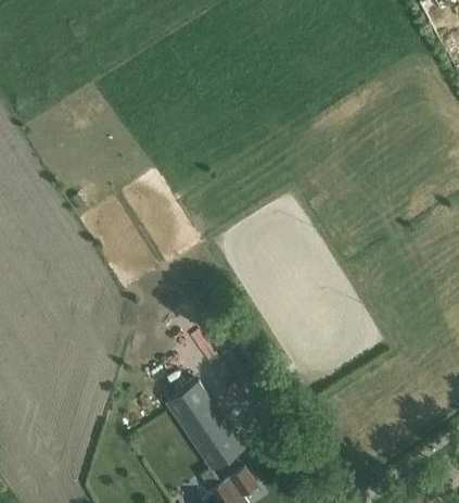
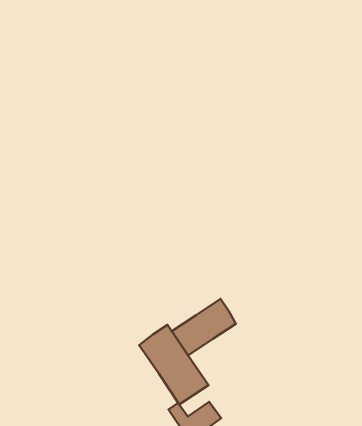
building: none -> [172,299,236,356]

